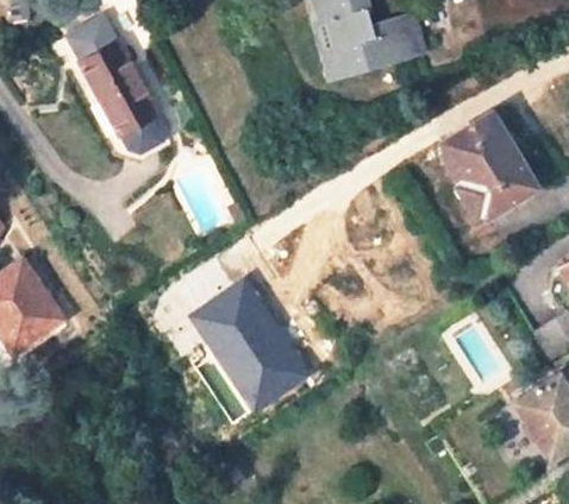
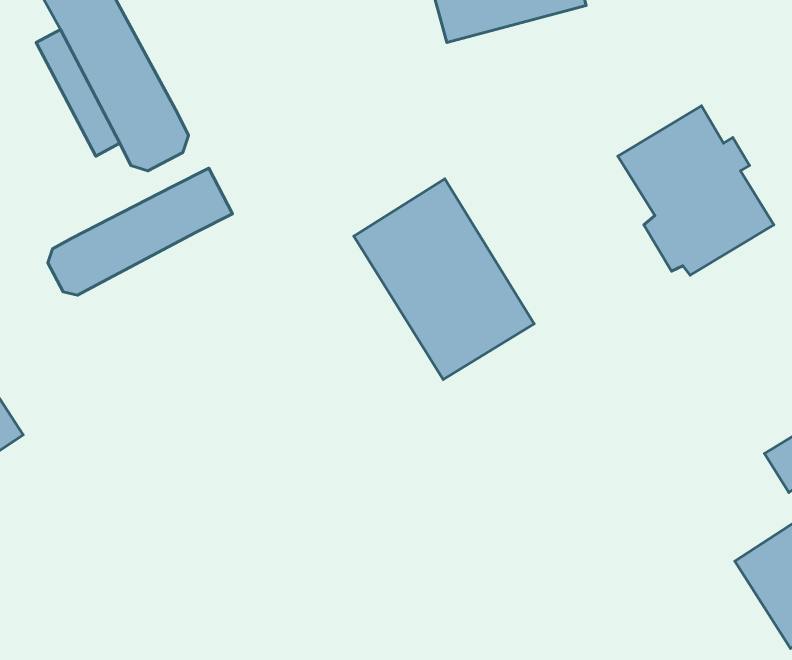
building: none -> [48,168,232,295]
building: [194,278,309,407] -> [354,179,534,379]

